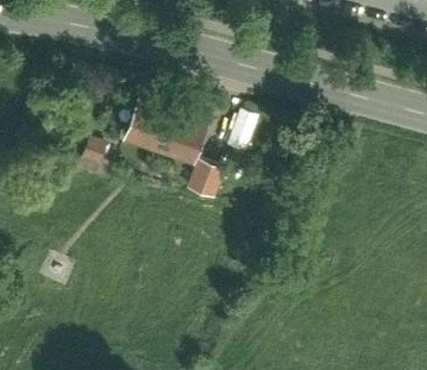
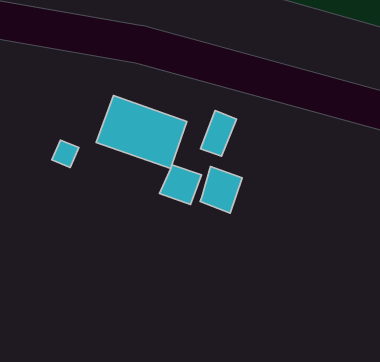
building: none -> [200,166,242,213]

